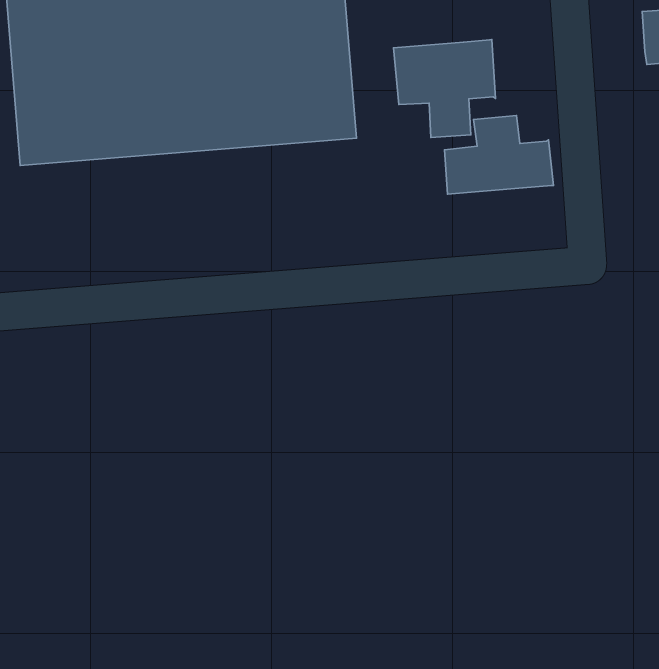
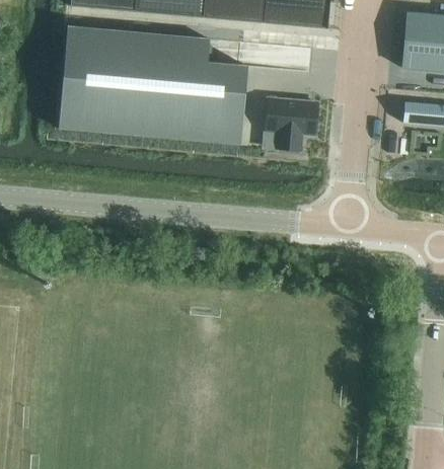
building: [445,115,553,194] -> none

